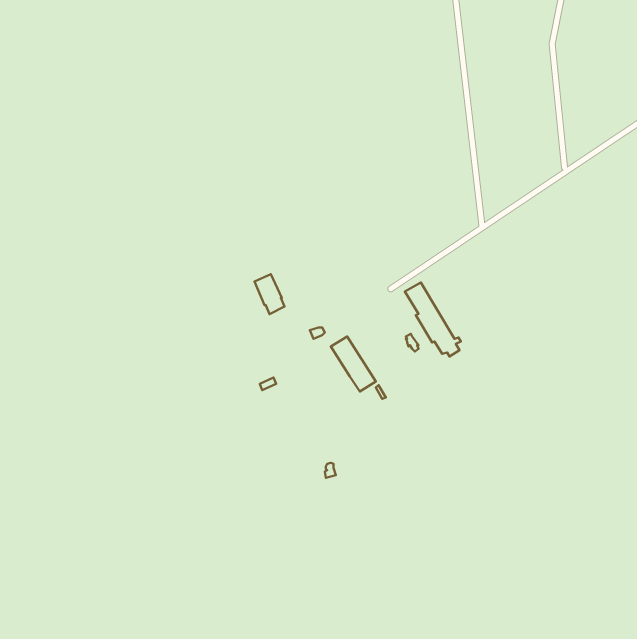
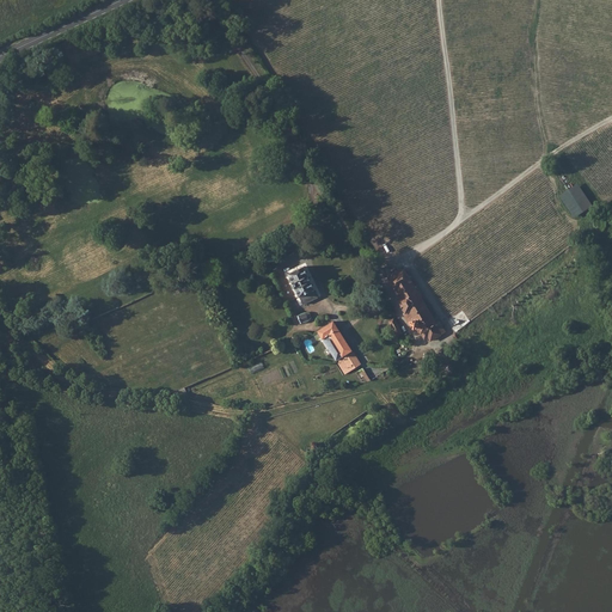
building: none -> [559,183,593,218]
building: [254,274,284,314] -> [288,267,317,305]

